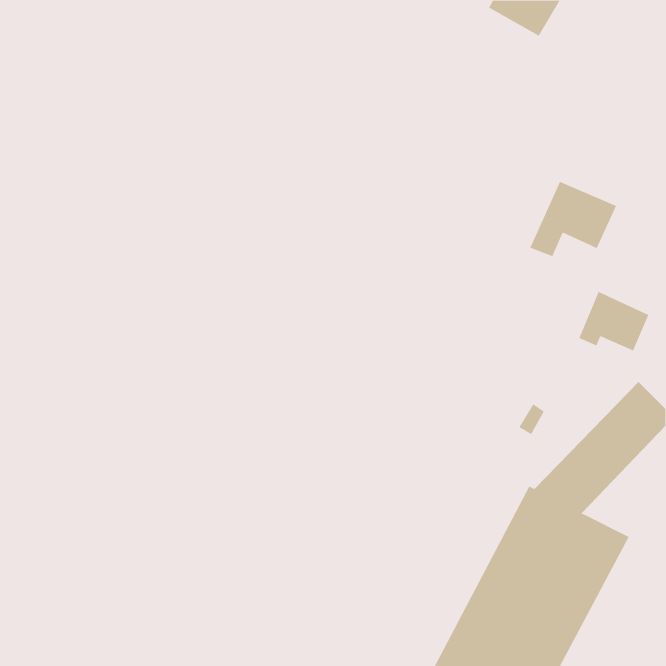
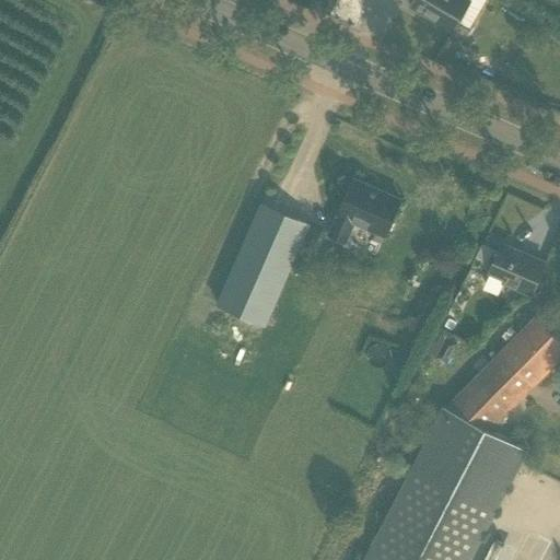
building: [529,181,617,257] -> [327,180,400,244]
building: none -> [217,205,308,327]

